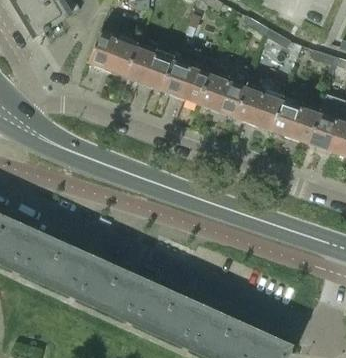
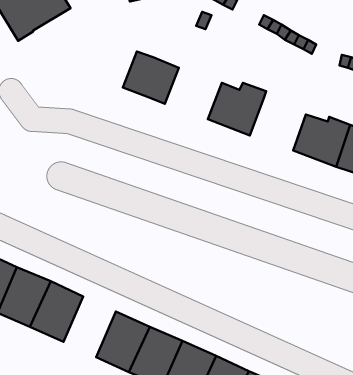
building: [86,30,136,76] -> none
building: [160,59,209,103] -> none
building: [233,85,281,130] -> none
building: [73,255,118,307] -> none

